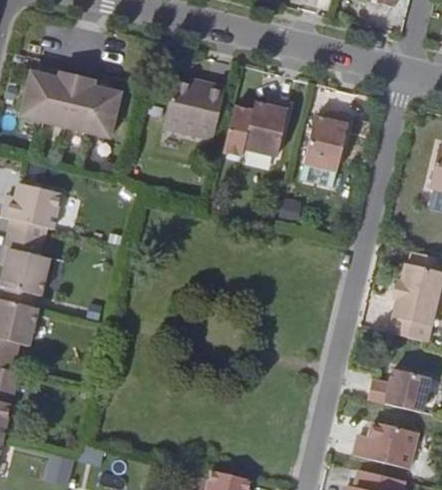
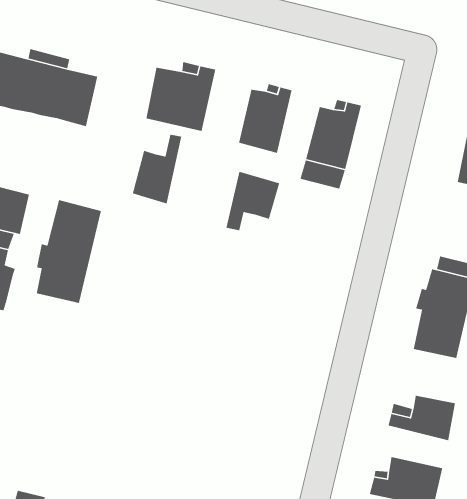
building: none -> [132,134,182,205]
building: none -> [225,171,280,231]
building: none -> [36,199,102,304]

